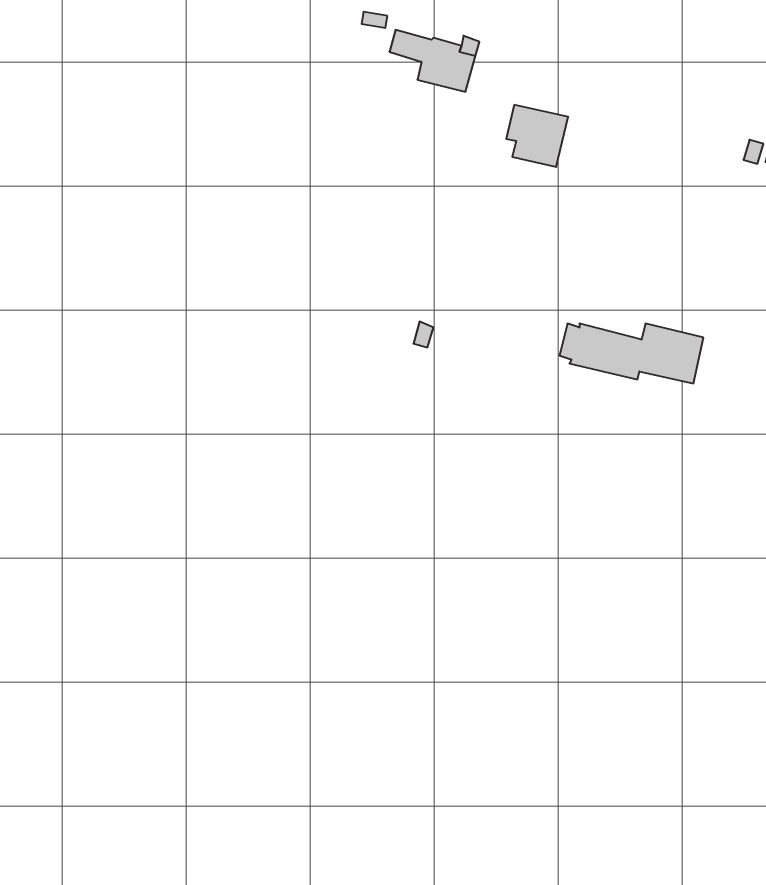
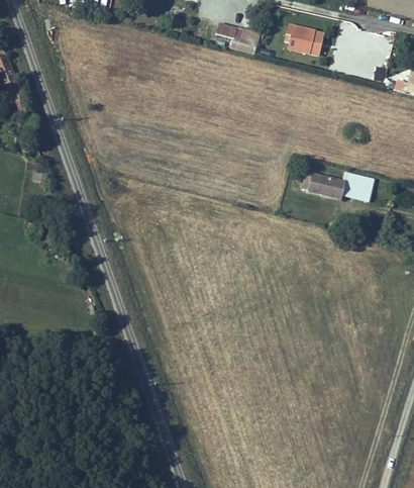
building: [506,105,568,167] -> [285,22,316,54]

